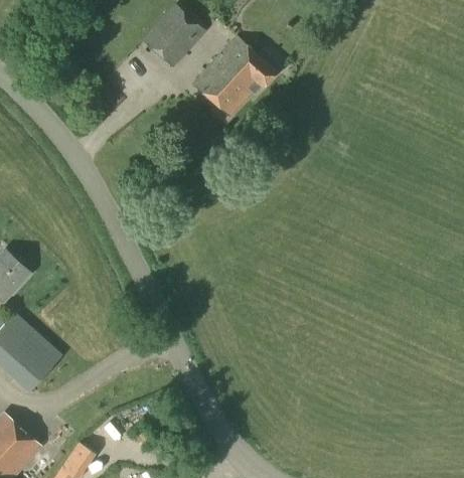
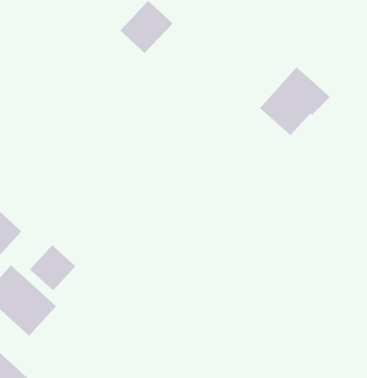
building: [192,36,275,117] -> [259,67,330,136]
building: none -> [29,245,76,291]

